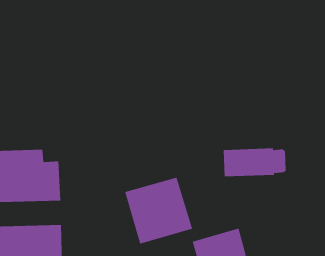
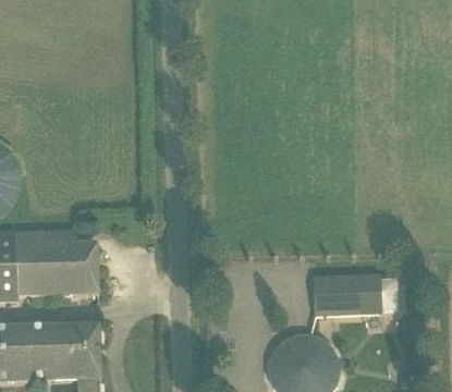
building: [223,148,287,177] -> [311,275,393,313]
building: [125,177,193,244] -> none

